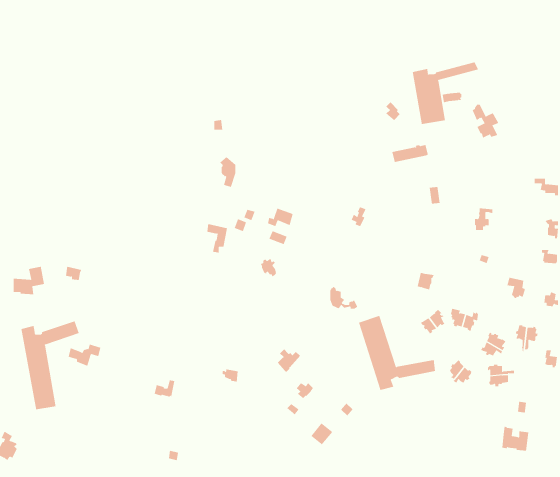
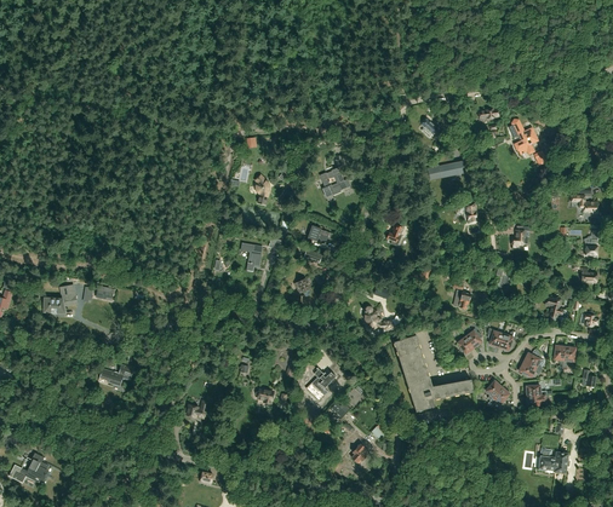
building: [412,62,479,125] -> none
building: none -> [317,166,350,196]
building: [21,320,79,410] -> none

